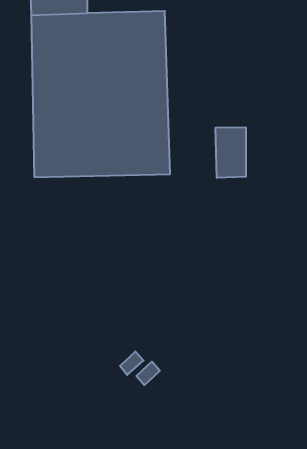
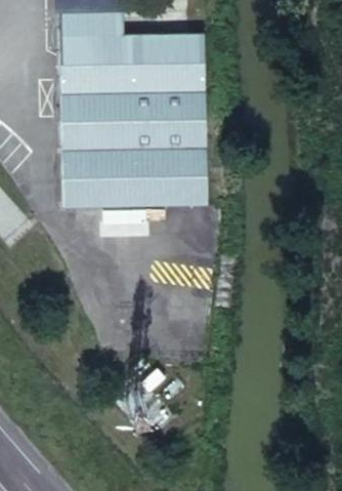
building: [216,127,246,178] -> none

